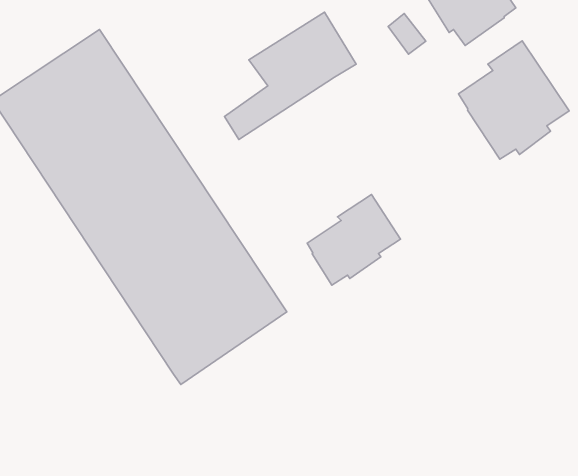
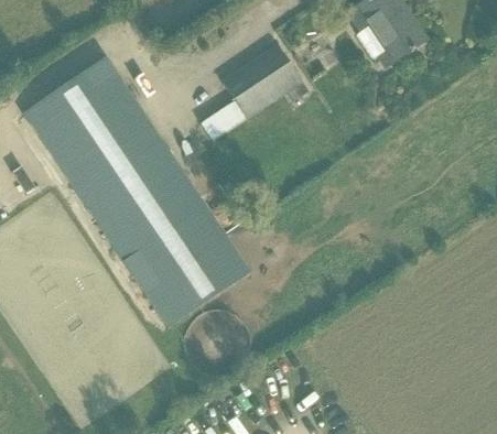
building: [458,41,569,159] -> none
building: [307,195,400,285] -> none

